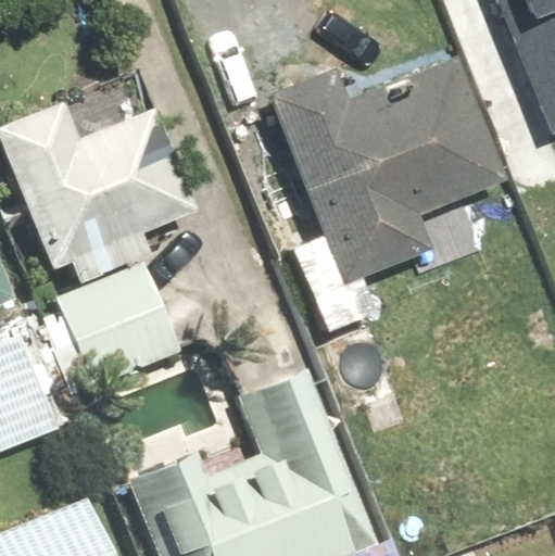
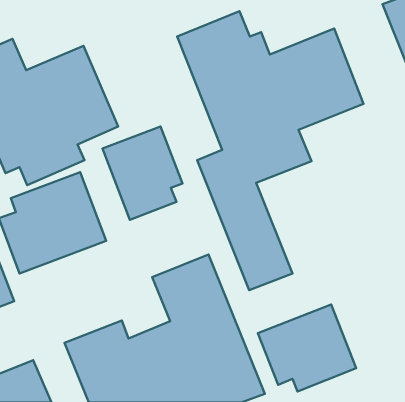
building: none -> [103,127,182,220]
building: none -> [258,305,356,392]

